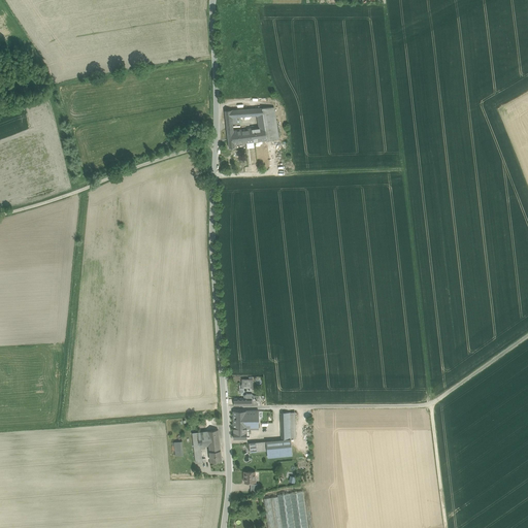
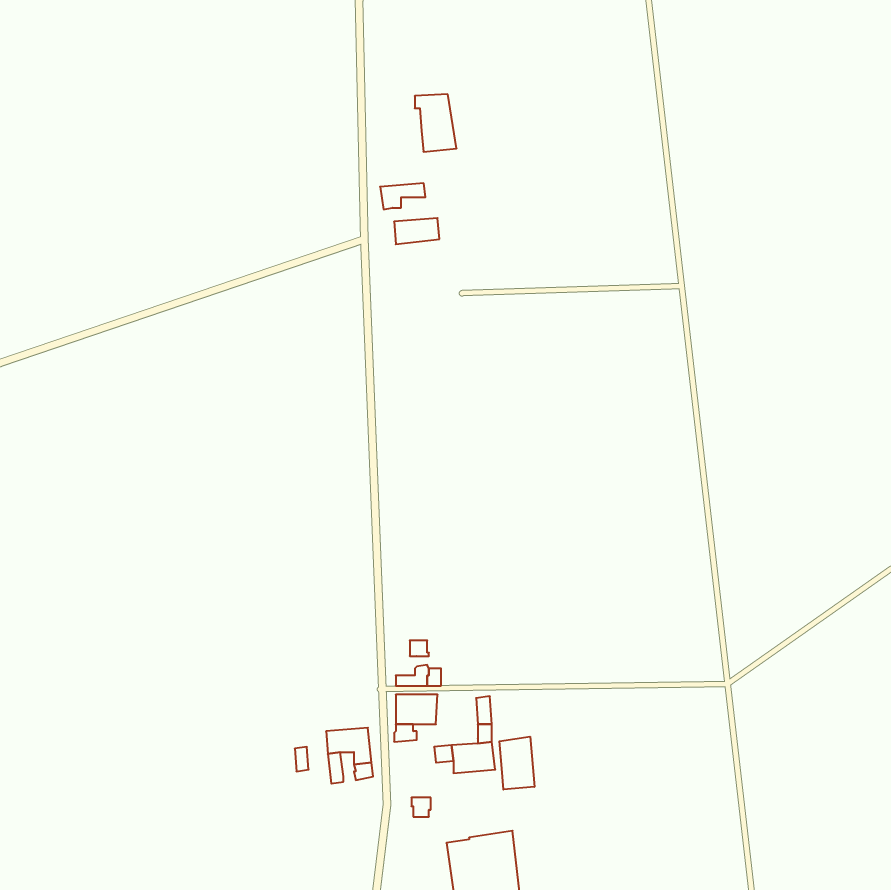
building: [255,108,279,142] -> [415,94,457,152]
building: none -> [499,737,534,790]

